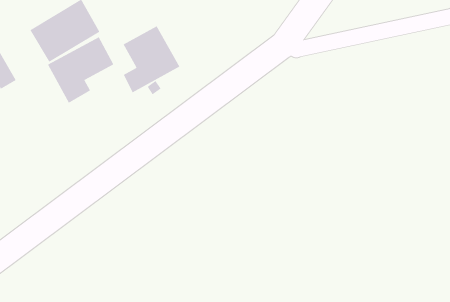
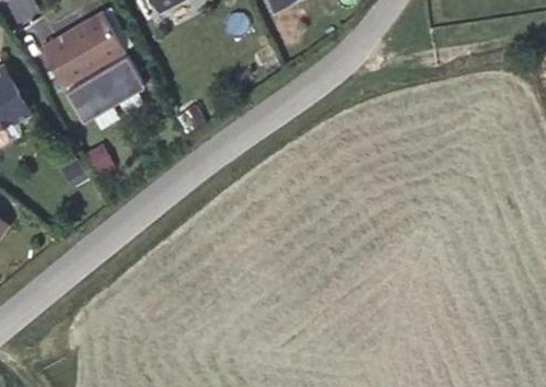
building: [123,25,180,93] -> none

